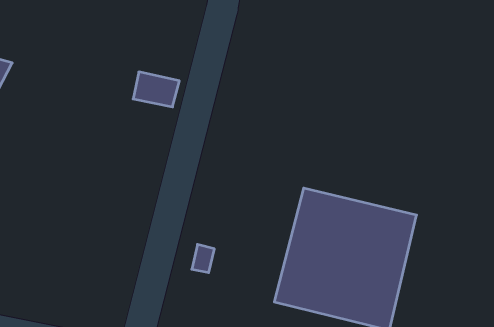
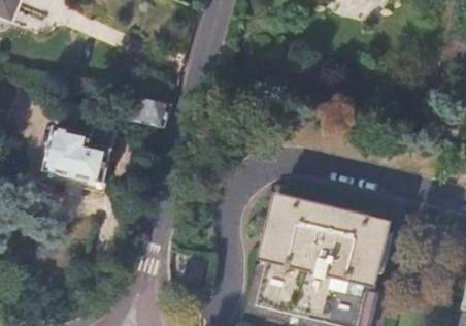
building: none -> [39,125,113,186]

